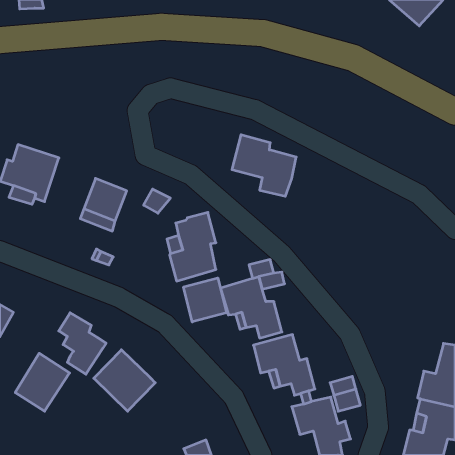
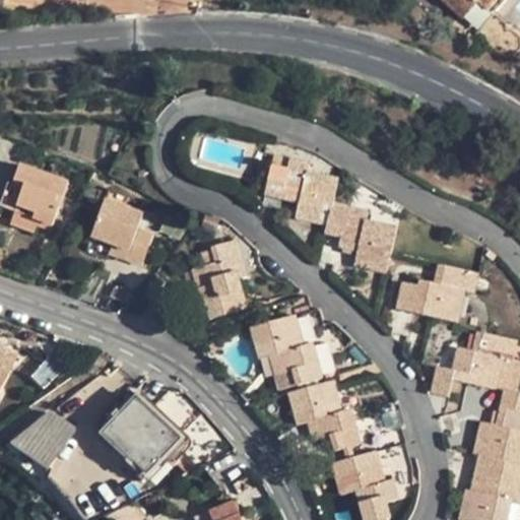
building: none -> [324,203,395,272]
building: none -> [395,266,476,323]
building: [184,278,227,322] -> none
building: none -> [431,332,514,396]
building: [59,313,106,374] -> none

